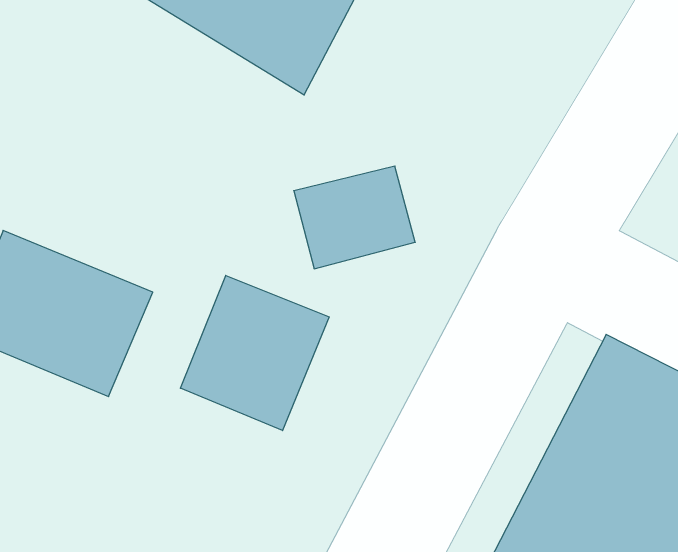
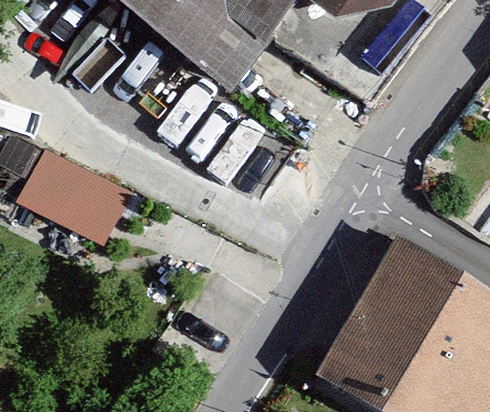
building: [180,275,329,431] -> none

